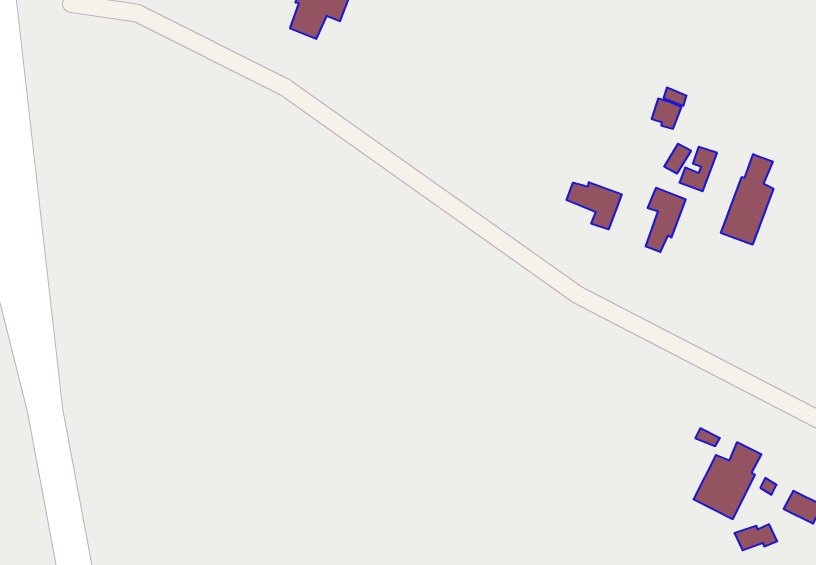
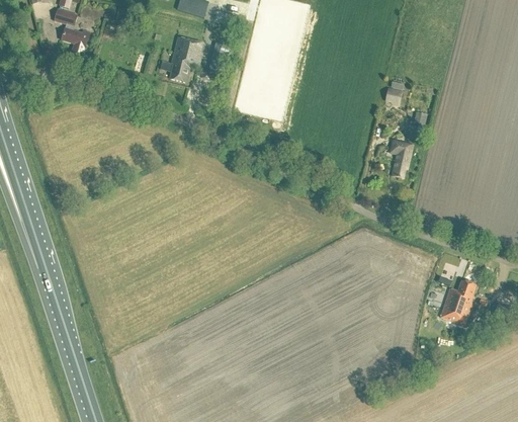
building: [721,154,773,245] -> none
building: [567,182,622,229] -> none

